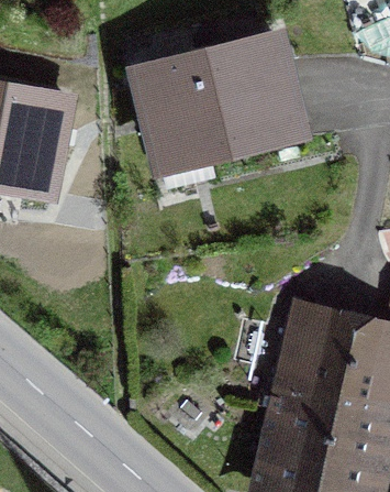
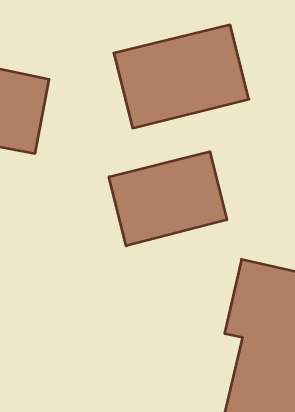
building: none -> [109,152,227,246]

